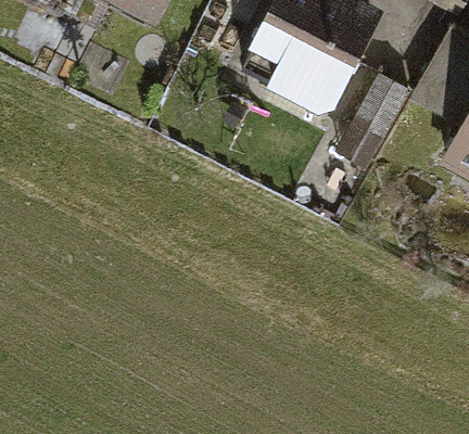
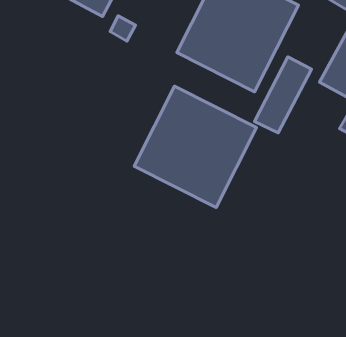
building: none -> [134,86,256,208]

